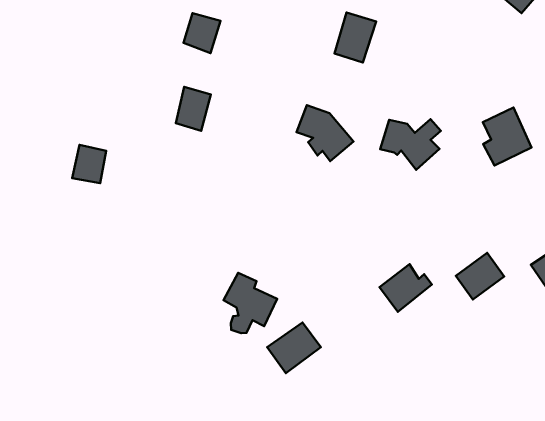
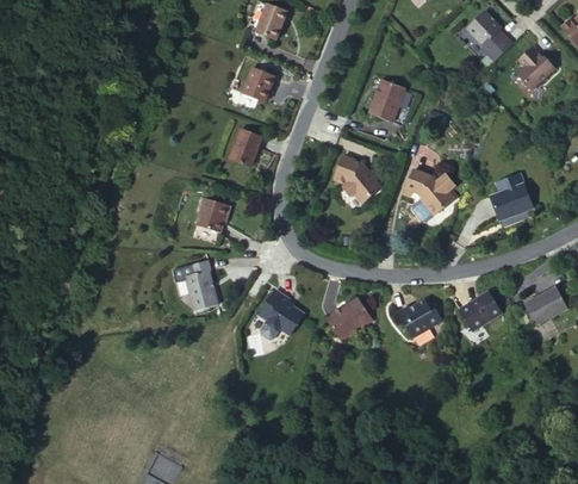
building: [72,145,106,183] -> [194,198,225,232]
building: none -> [186,262,220,314]
building: [267,322,321,373] -> [328,300,374,343]

